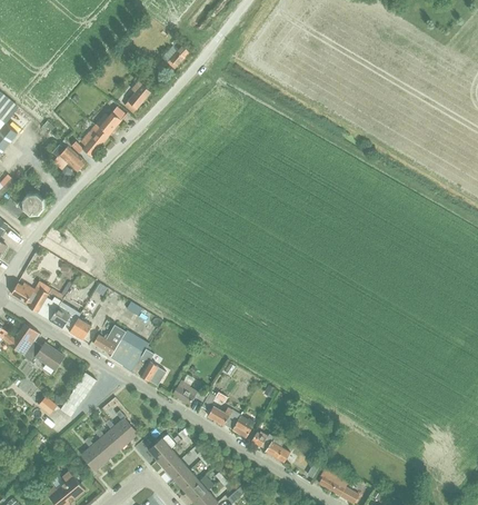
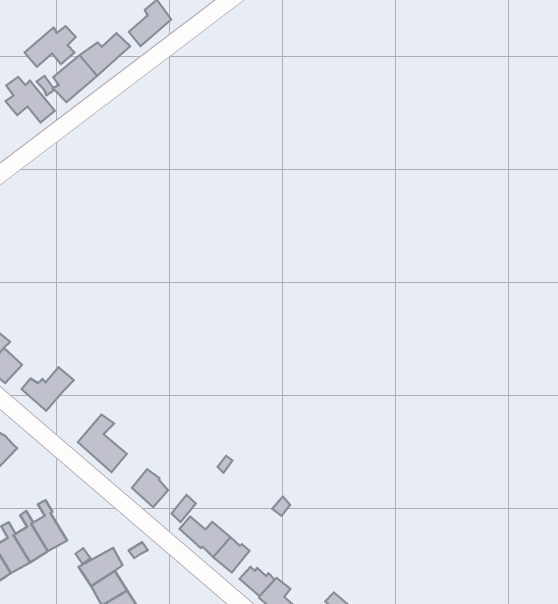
building: none -> [25,26,76,67]
building: [109,339,148,372] -> none

